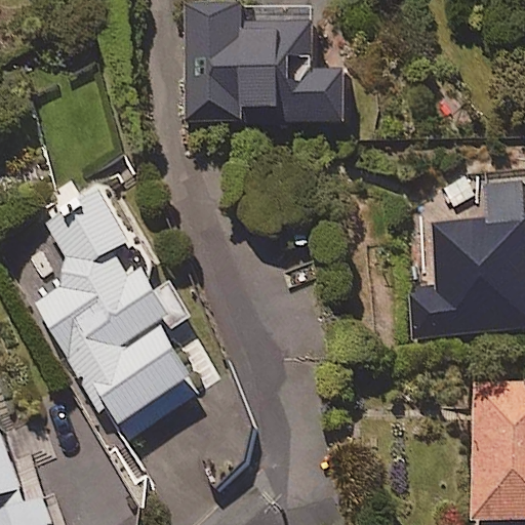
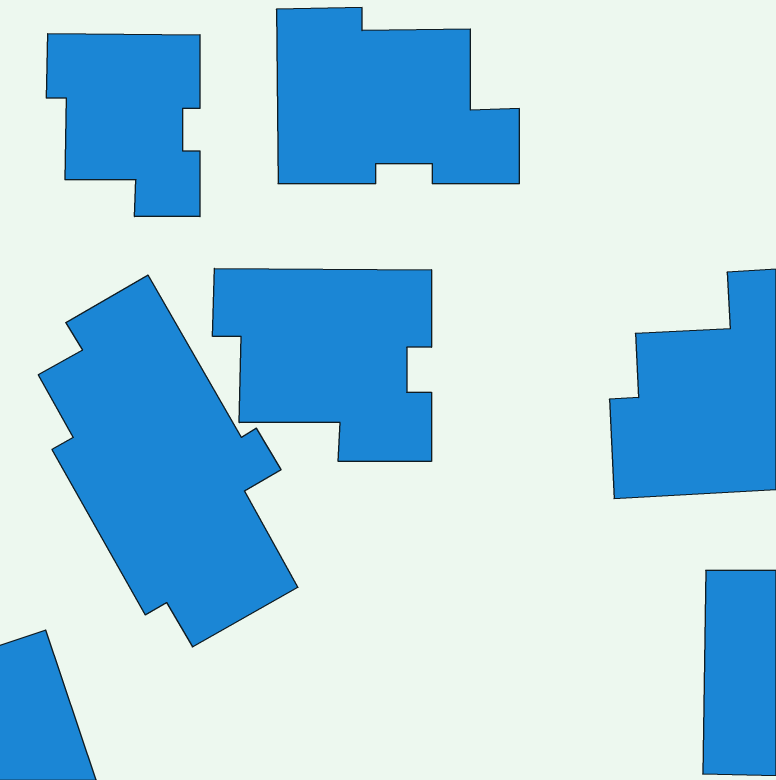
building: none -> [46,34,200,217]
building: none -> [213,268,431,461]

